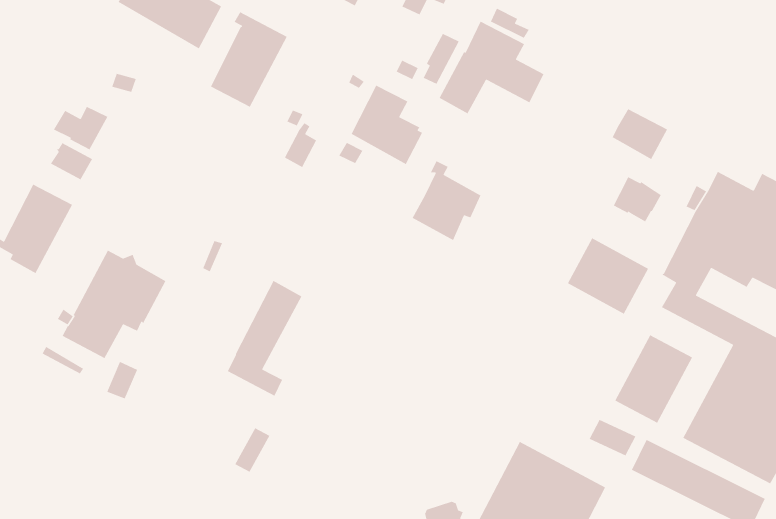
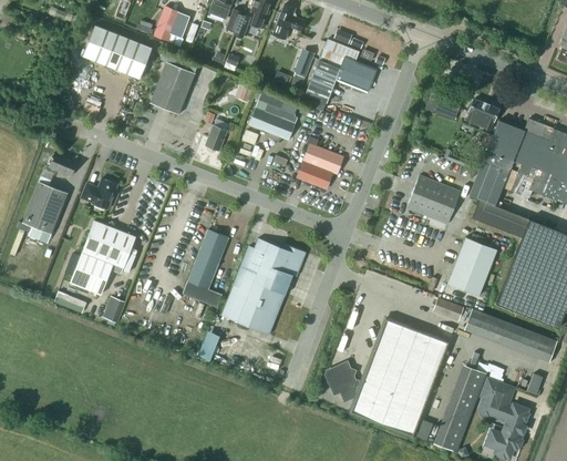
building: [53,106,108,150] -> [81,180,117,209]
building: [613,176,662,223] -> [466,100,498,130]
building: none -> [221,239,307,336]

